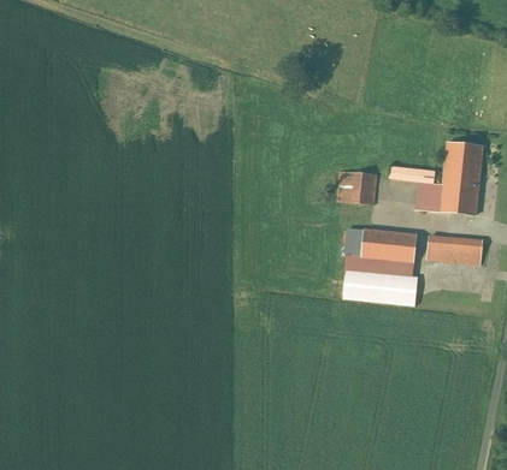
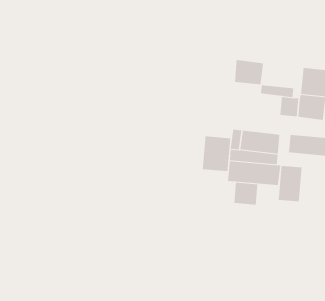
building: [336,169,377,204] -> [234,60,264,85]
building: none -> [202,136,231,172]
building: none -> [278,165,302,202]
building: none -> [234,182,258,205]

